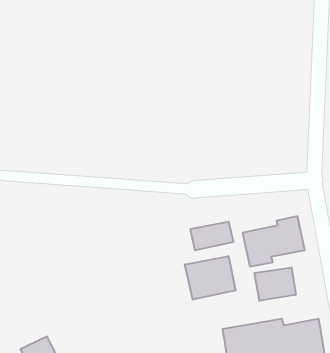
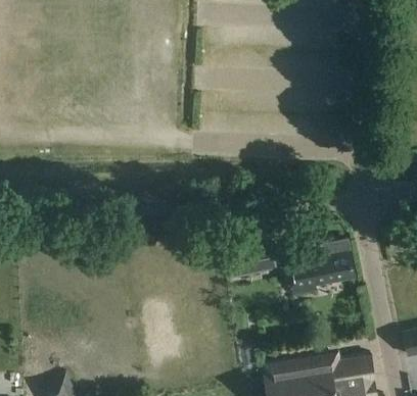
building: [185,256,236,300] -> none
building: [255,267,296,301] -> none

